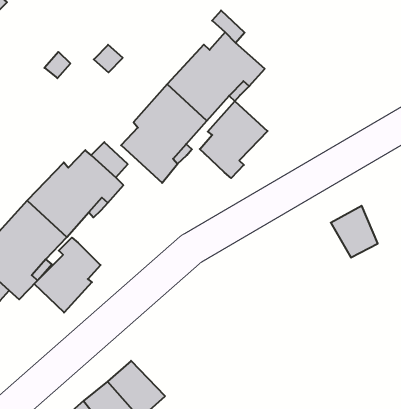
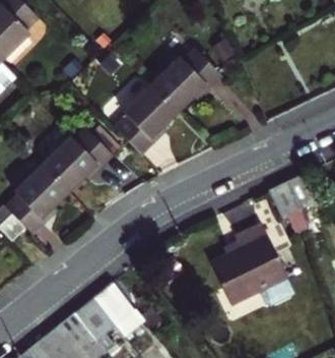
building: [200,101,268,178] -> none
building: [34,238,101,313] -> none
building: none -> [210,224,285,305]

